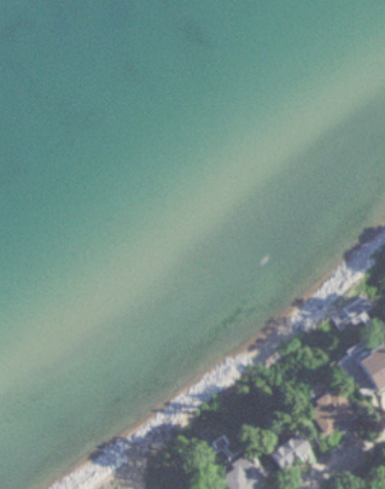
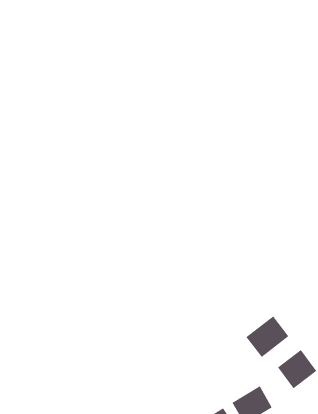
building: none -> [246,316,289,358]

